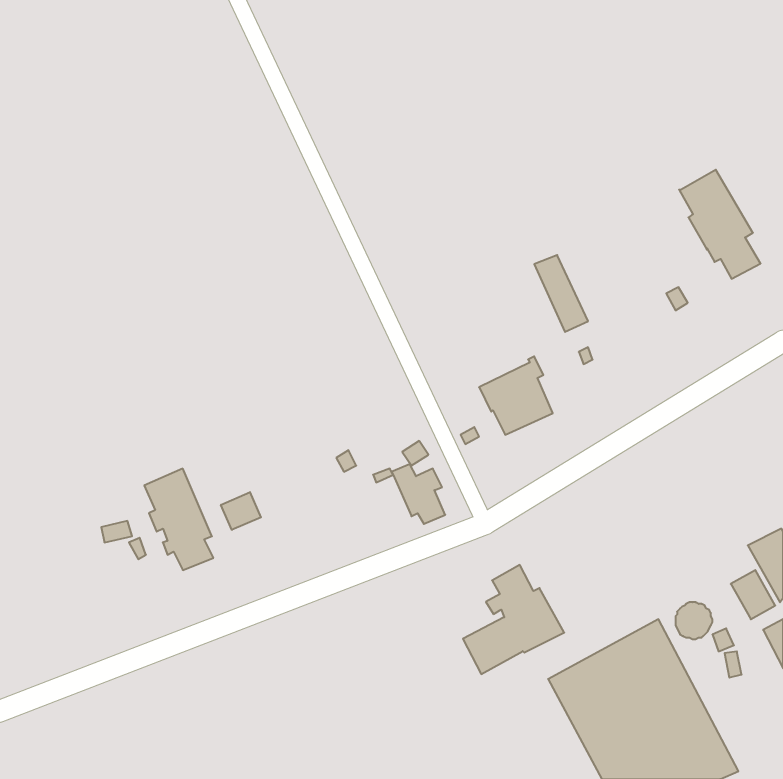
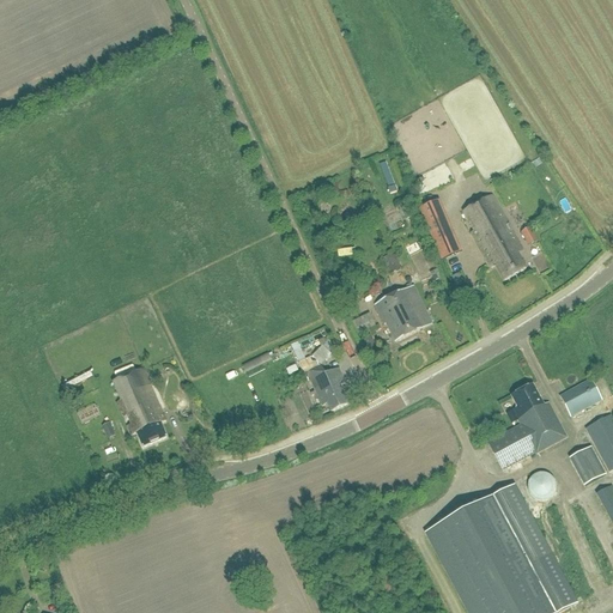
building: [679,170,761,279] -> [462,193,526,278]
building: none -> [558,375,602,414]
building: [221,492,261,530] -> none
building: [463,565,564,674] -> [487,382,566,467]

